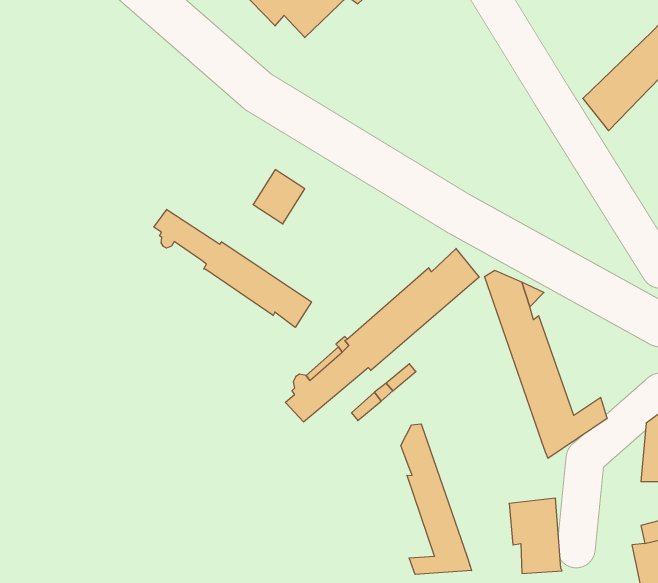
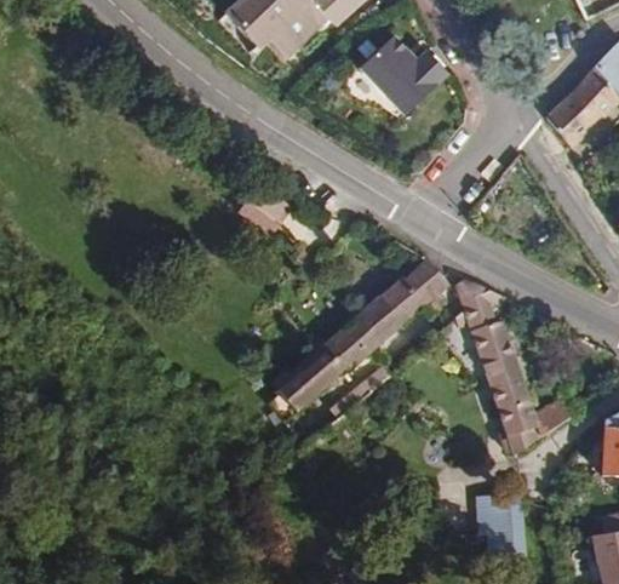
building: none -> [359,35,452,115]
building: [154,209,311,327] -> none
building: [401,424,471,574] -> none

